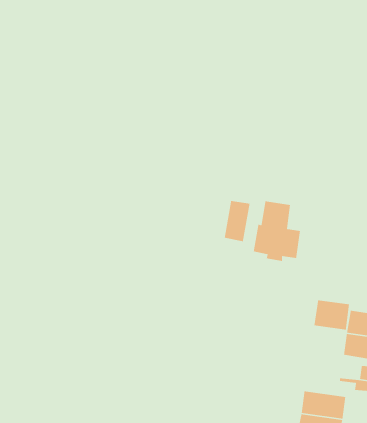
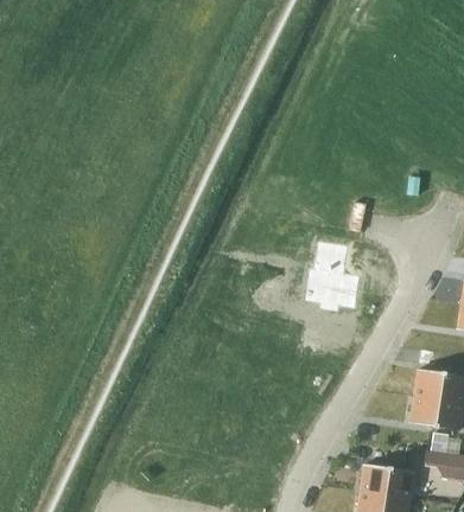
building: [224,200,250,242] -> none
building: [314,299,350,330] -> none

